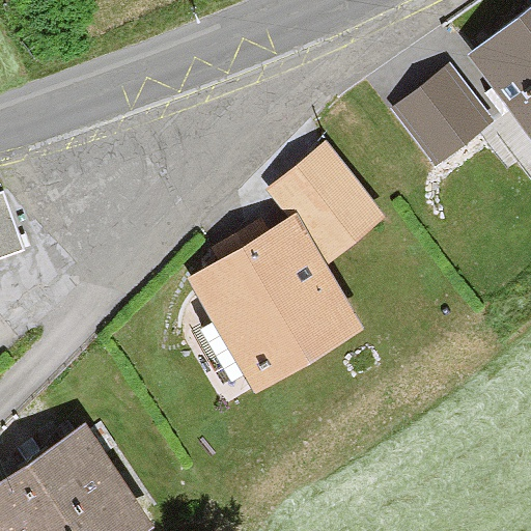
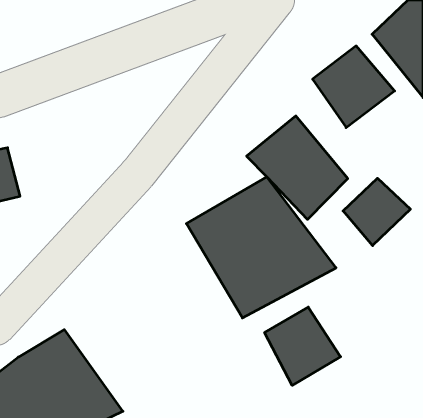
building: none -> [343,178,410,246]
building: none -> [265,307,341,385]

